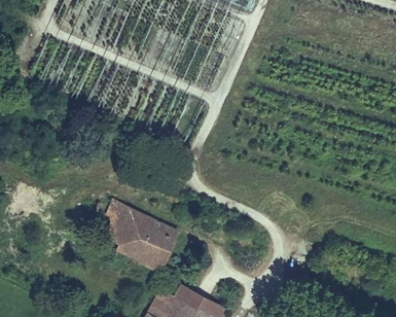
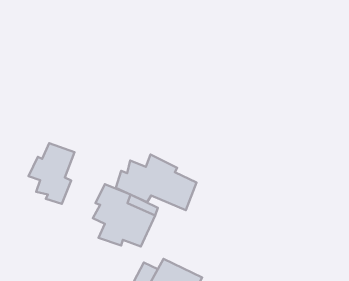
building: none -> [29,143,75,204]
building: none -> [116,154,196,210]

